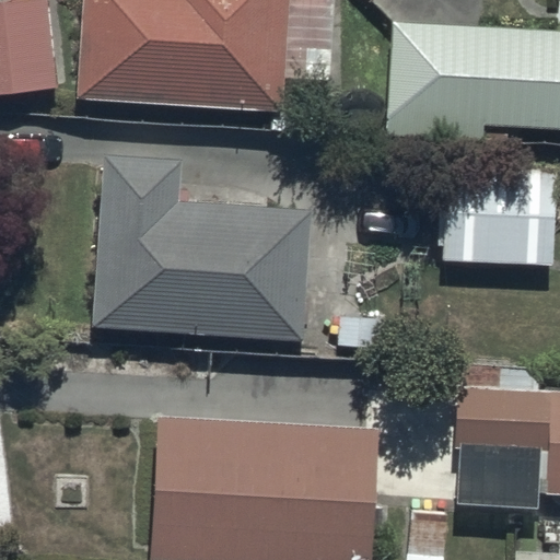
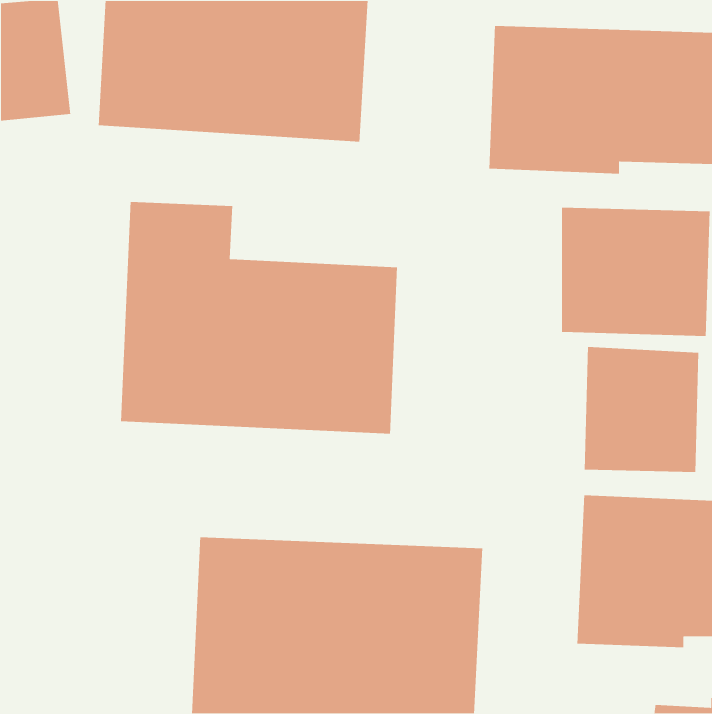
building: none -> [584,346,699,473]

